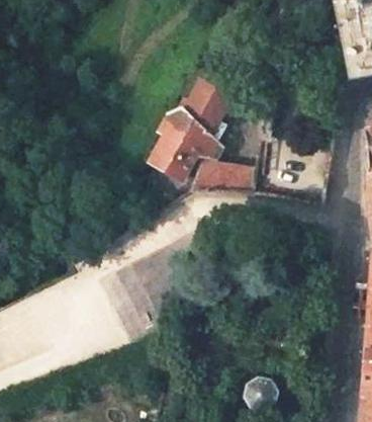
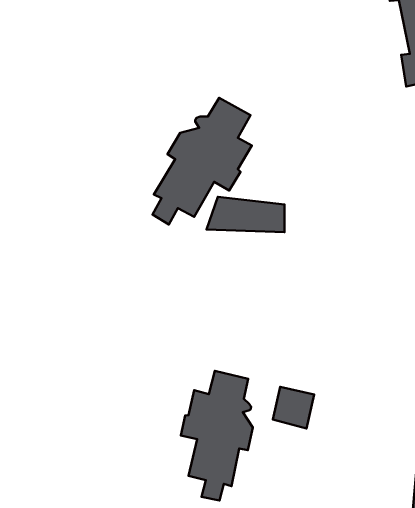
building: none -> [181,371,253,501]
building: [246,374,279,408] -> [273,387,314,428]

